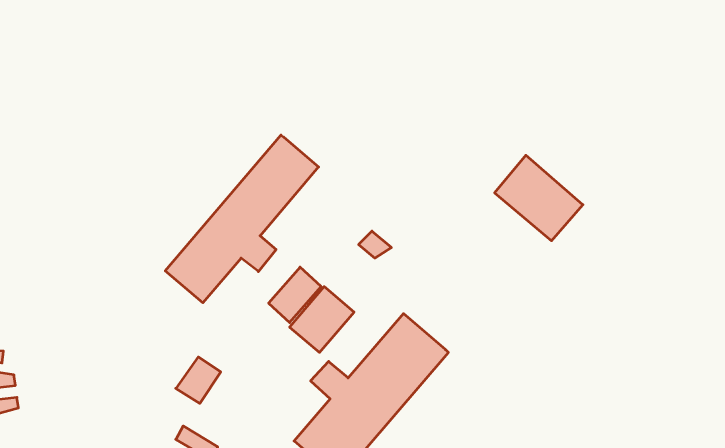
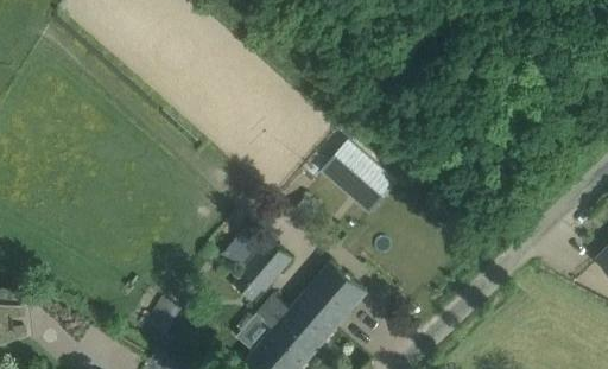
building: [165,135,319,303] -> none
building: [495,155,583,241] -> [323,142,393,210]

